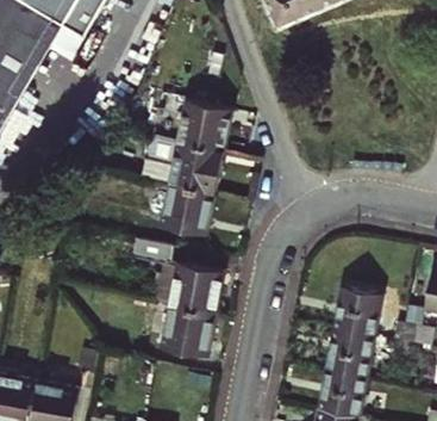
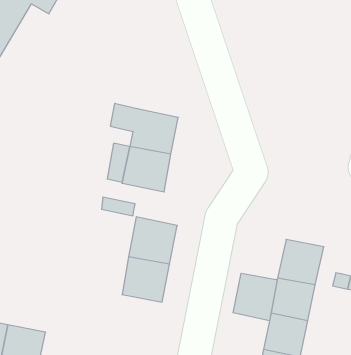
building: [177,101,231,153] -> none
building: none -> [233,273,277,321]

